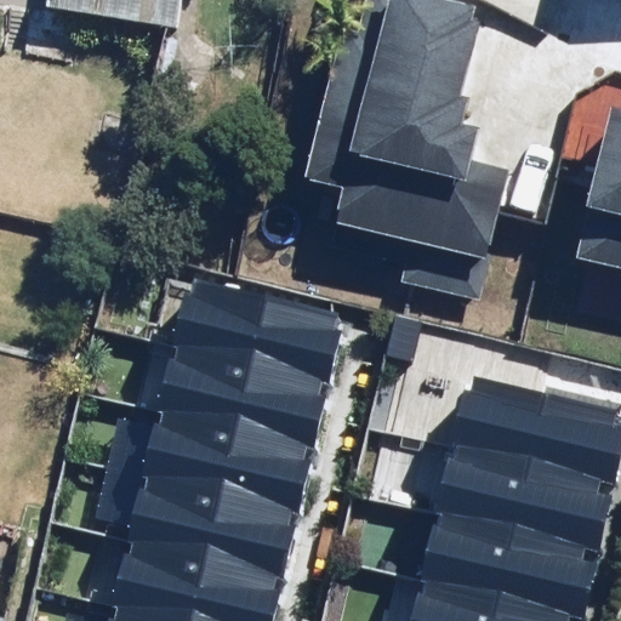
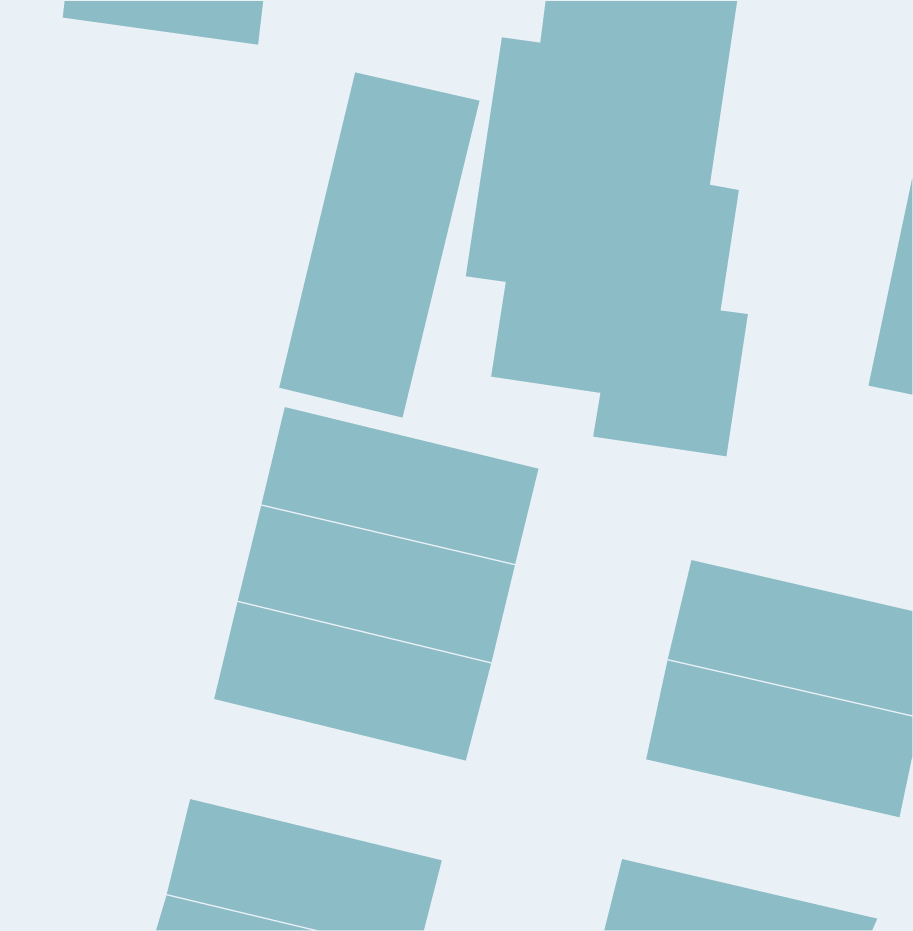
building: none -> [278,72,481,419]
building: [126,466,310,572] -> none
building: [414,506,599,611] -> none

